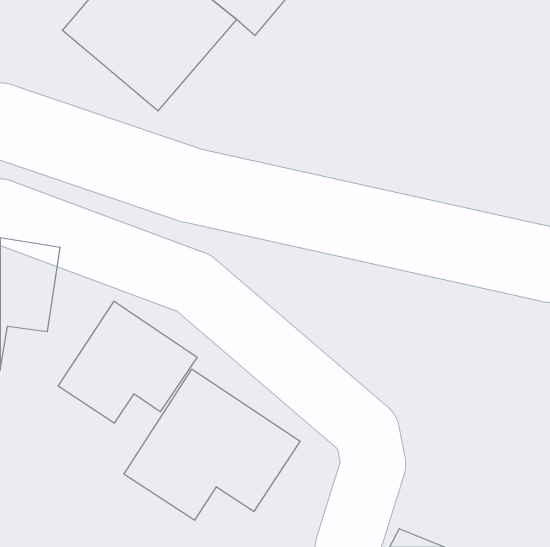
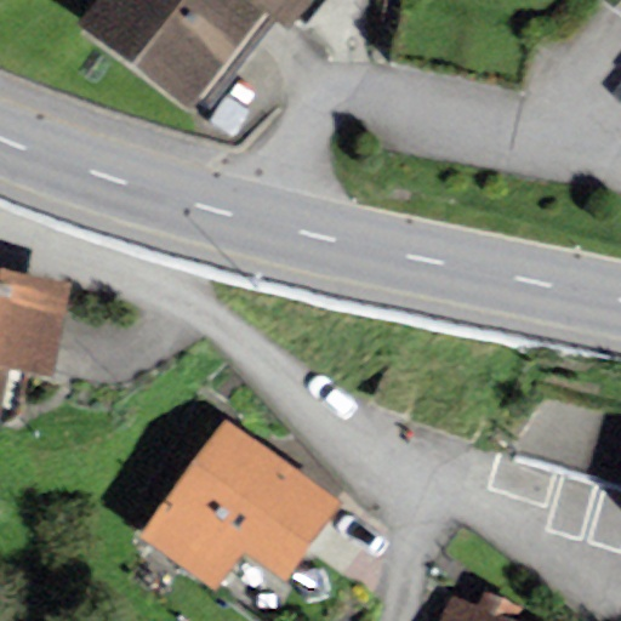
building: [58,301,197,423] -> none

